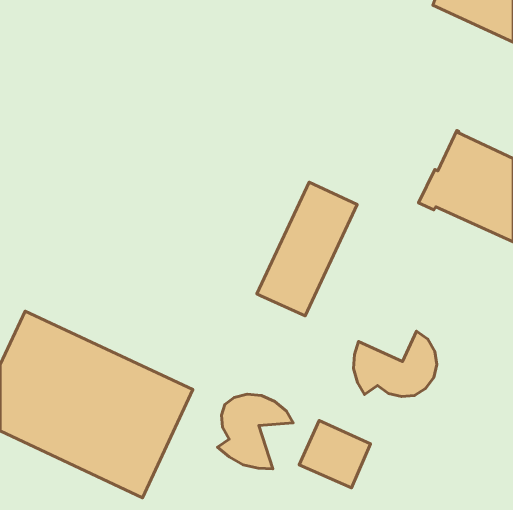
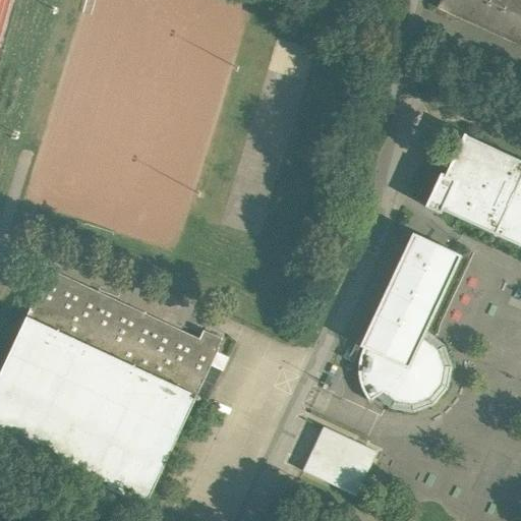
building: [257,182,357,316] -> [359,231,461,366]
building: none -> [25,268,220,395]
building: [217,394,293,469] -> none

